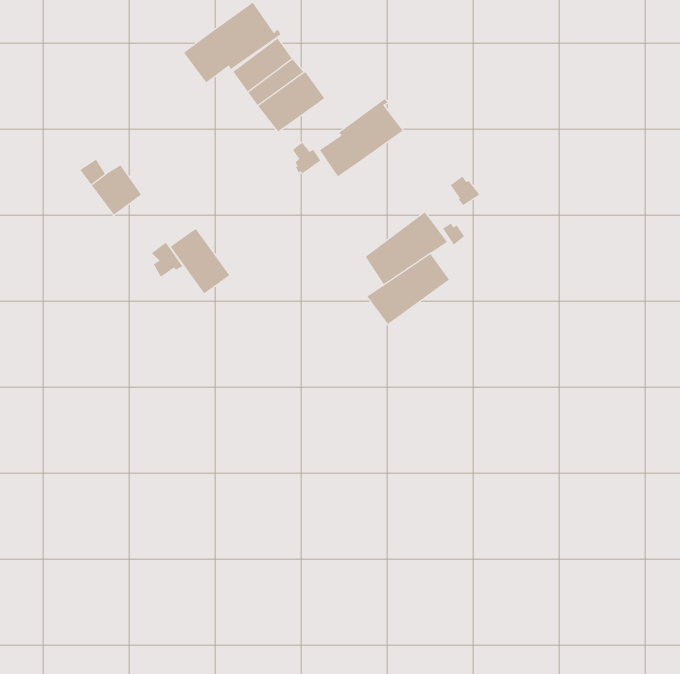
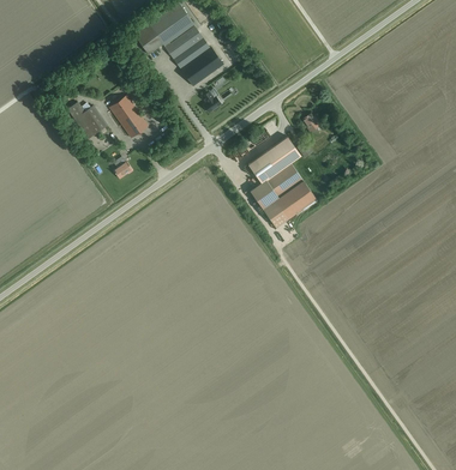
building: [319,98,403,177] -> none
building: [170,228,230,294] -> [109,95,148,137]
building: none -> [263,179,316,227]

